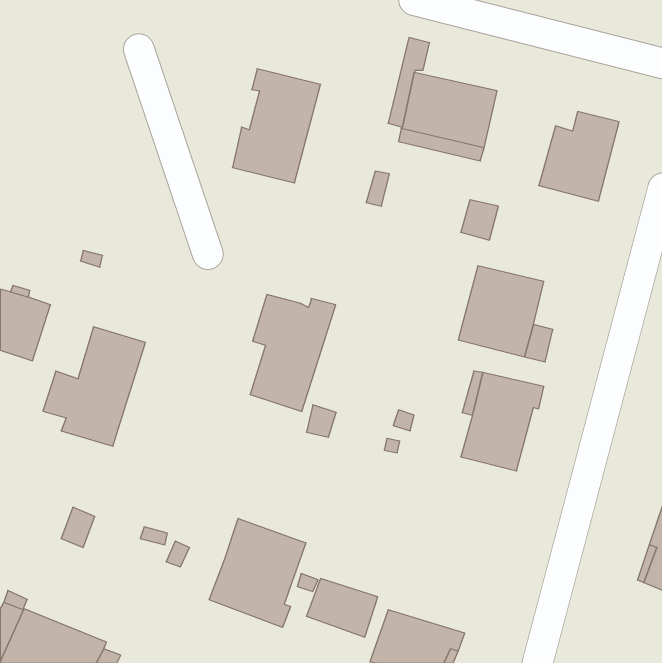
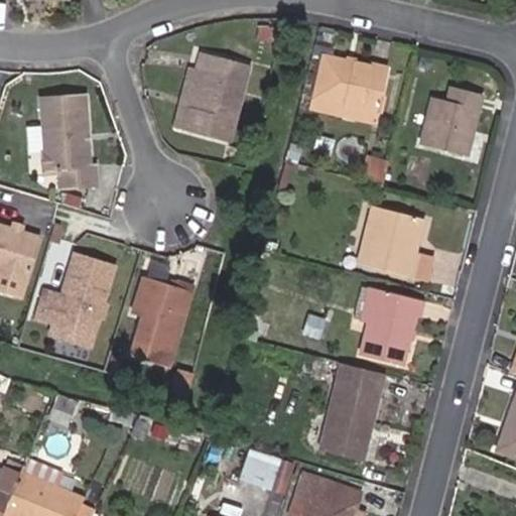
building: none -> [38,95,97,187]
building: [250,295,336,411] -> [128,277,195,368]
building: none -> [318,364,383,461]
building: [209,518,306,627] -> none

